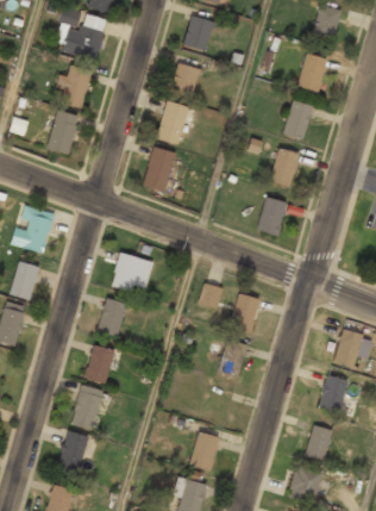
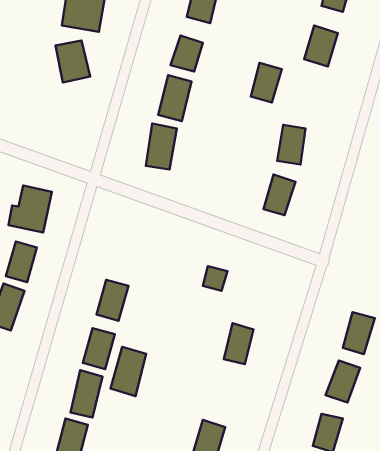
building: [283,100,313,138] -> [251,63,282,103]
building: [46,110,79,155] -> none
building: [111,253,153,295] -> none
building: [232,294,258,331] -> none
building: none -> [110,347,146,396]

